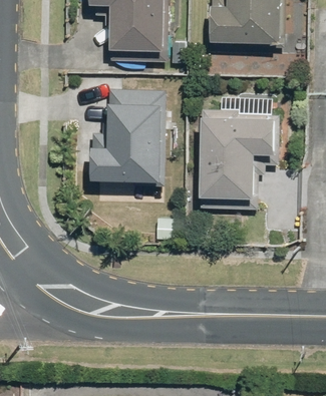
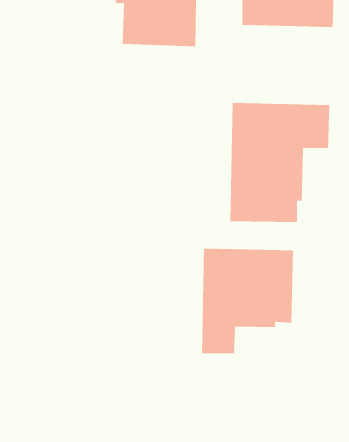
building: [89,82,170,180] -> none
building: none -> [201,248,294,354]

